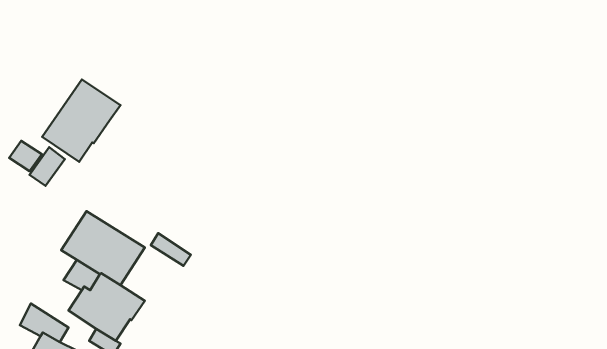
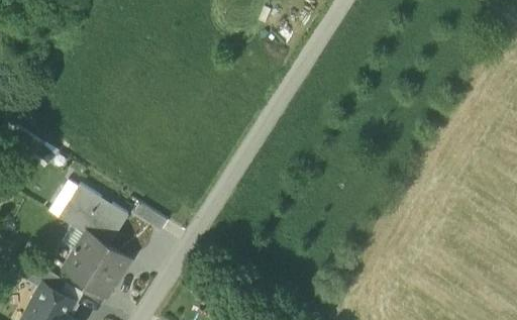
building: [42,80,120,162] -> none

